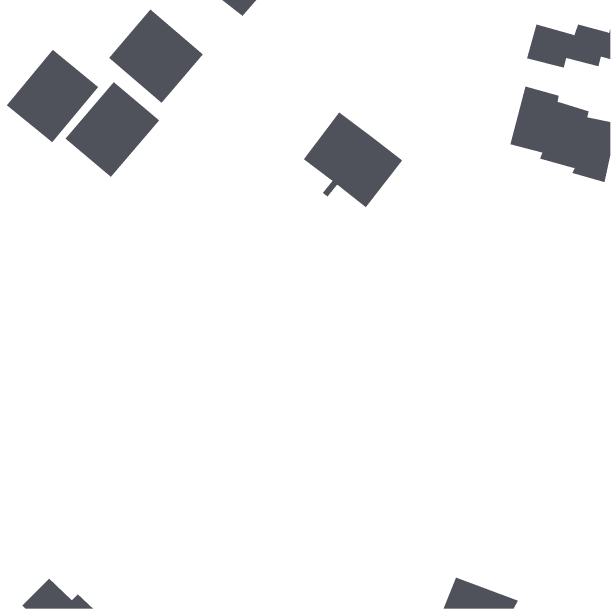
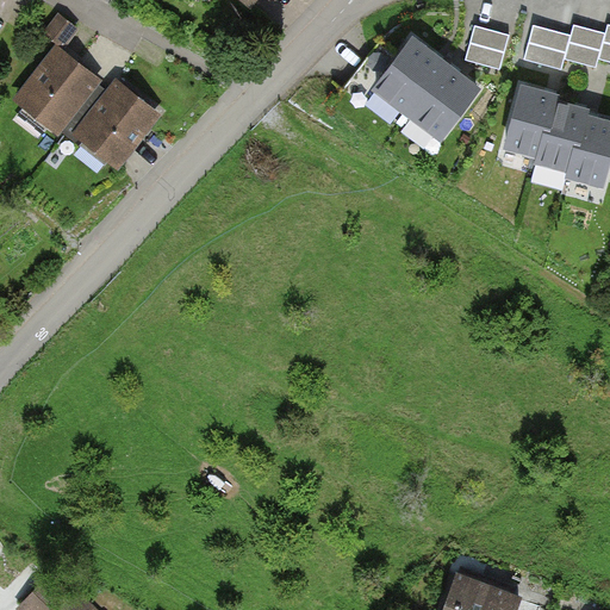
building: [108,9,204,104] -> none
building: none -> [466,25,510,68]
building: [303,112,403,208] -> [378,39,478,136]

